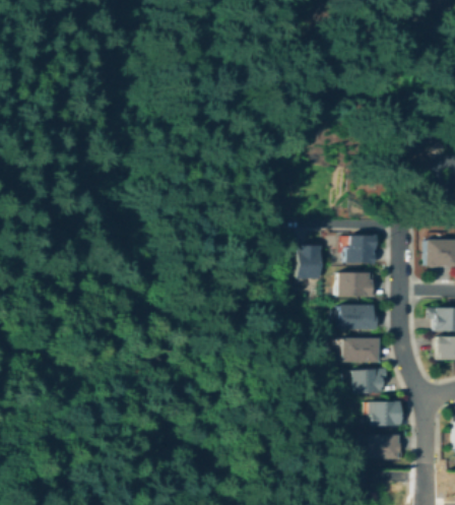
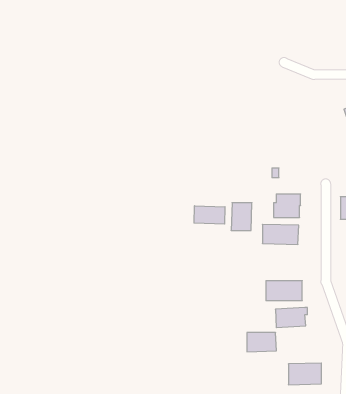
building: none -> [194,206,225,224]
building: [334,305,373,328] -> none
building: [367,403,401,426] -> [247,333,276,352]

